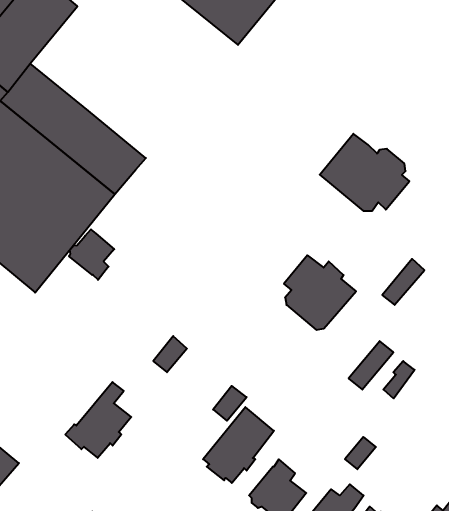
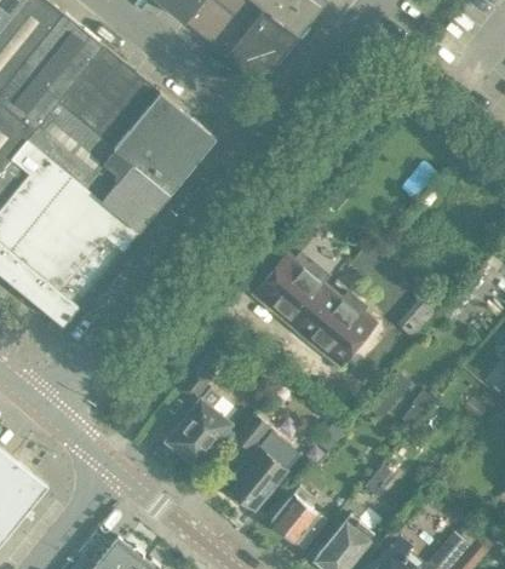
building: none -> [57,46,216,194]
building: [320,134,409,211] -> [240,242,327,317]
building: [69,229,114,280] -> none
building: [65,382,131,458] -> [163,389,228,462]

